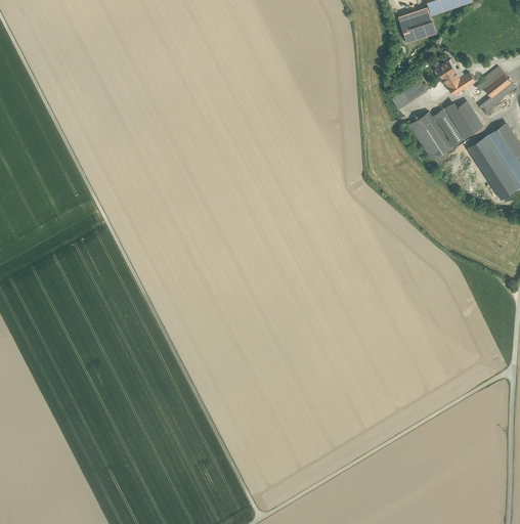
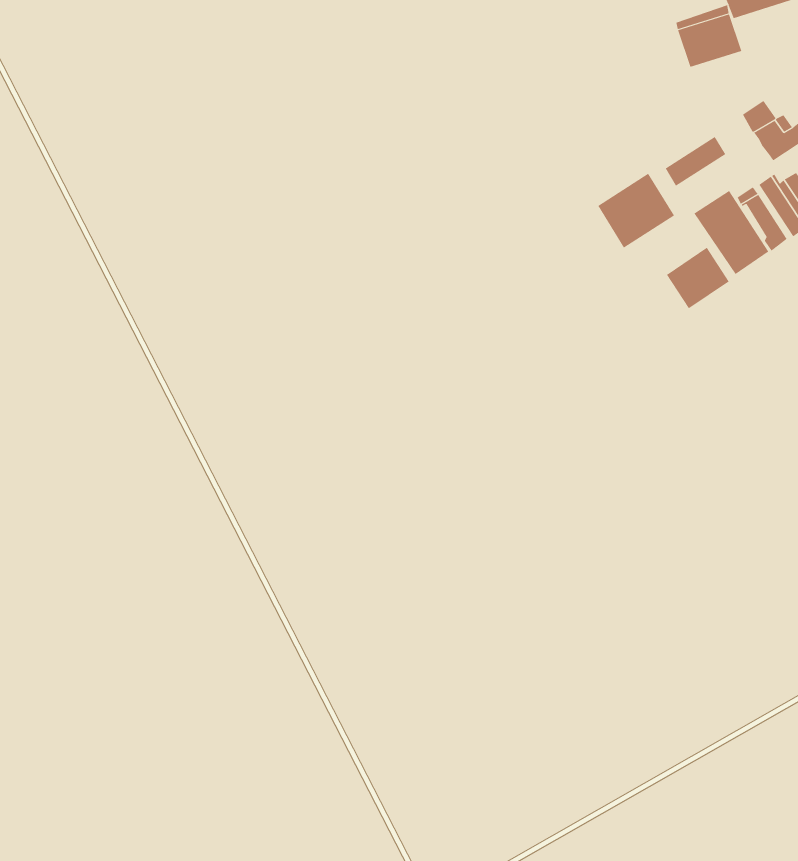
building: none -> [597,173,675,249]
building: none -> [666,247,729,309]

